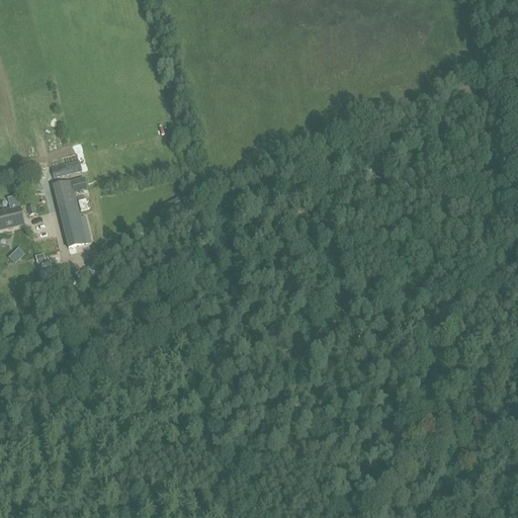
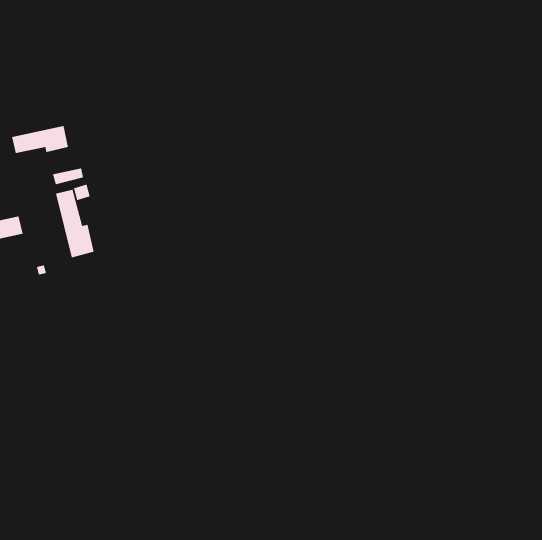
building: none -> [12,125,68,154]

